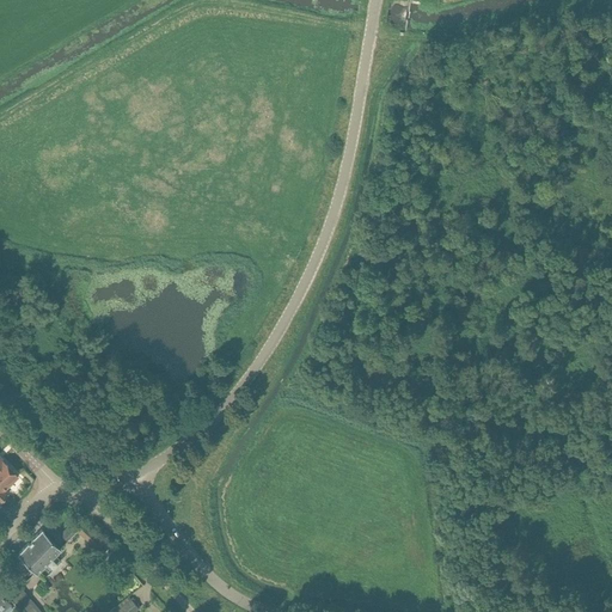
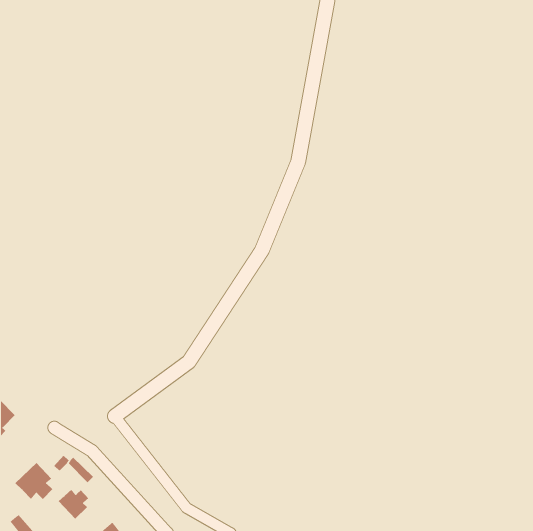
building: none -> [58,489,89,519]

